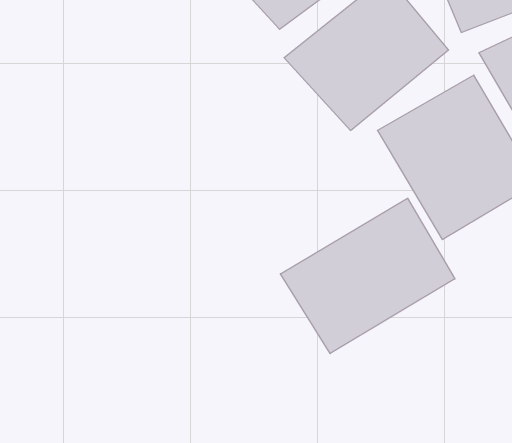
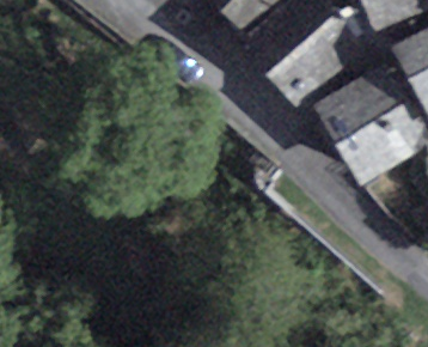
building: [280,198,455,354] -> none

